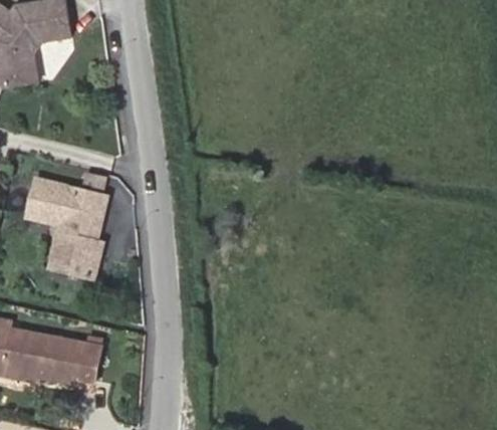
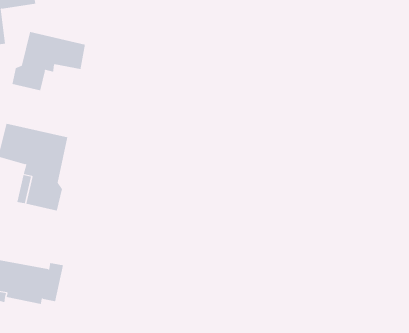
building: none -> [12,31,86,91]

